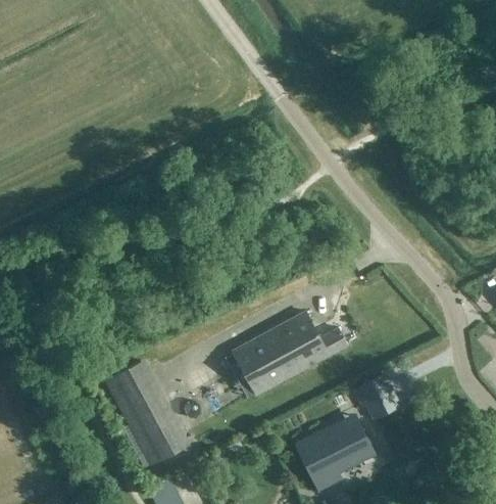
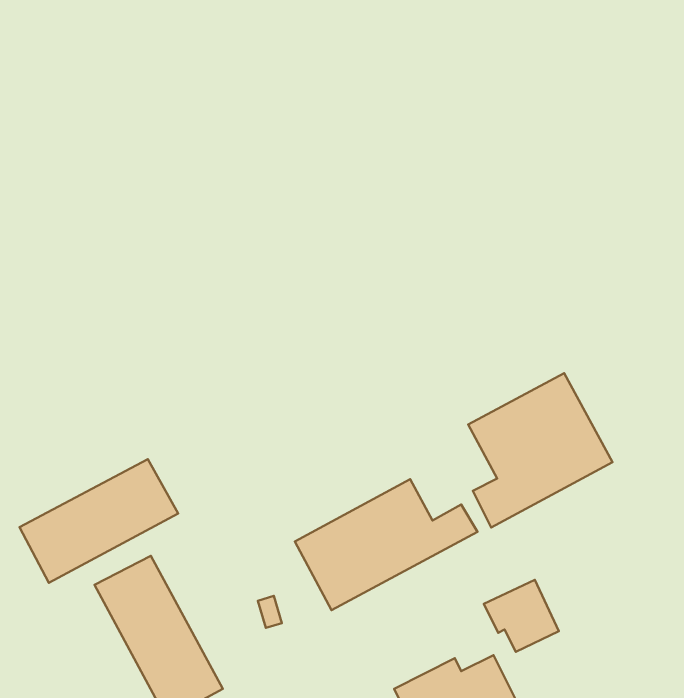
building: none -> [468,373,612,527]
building: none -> [19,459,178,583]

